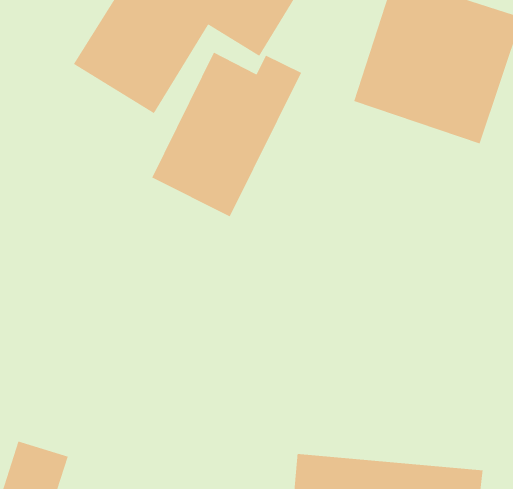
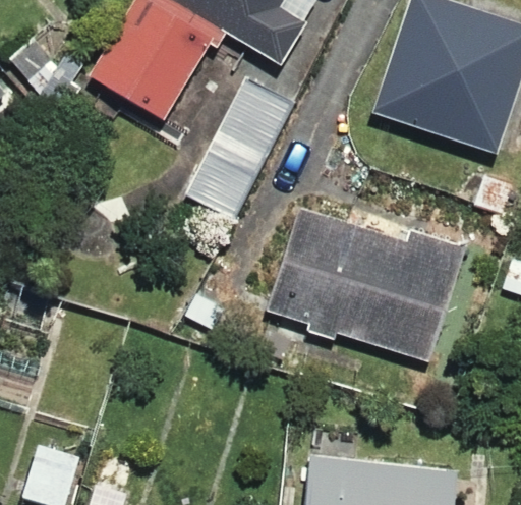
building: none -> [272,210,469,359]

